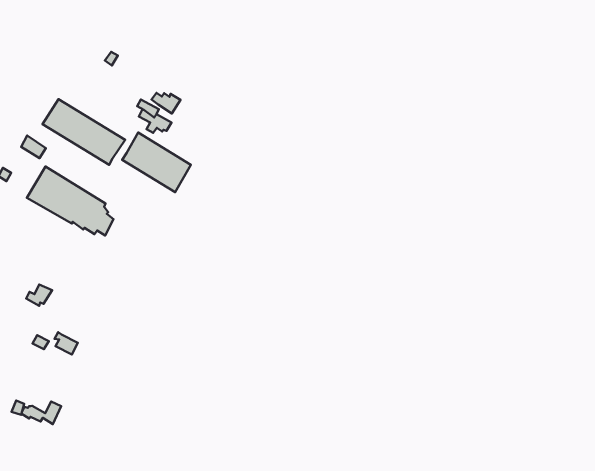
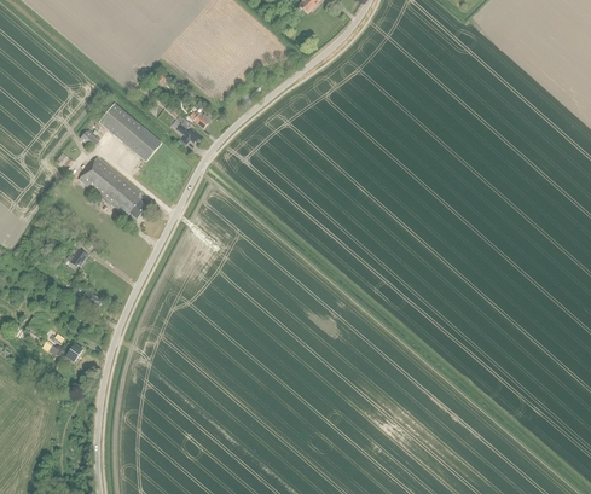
building: [122,133,191,192] -> none

